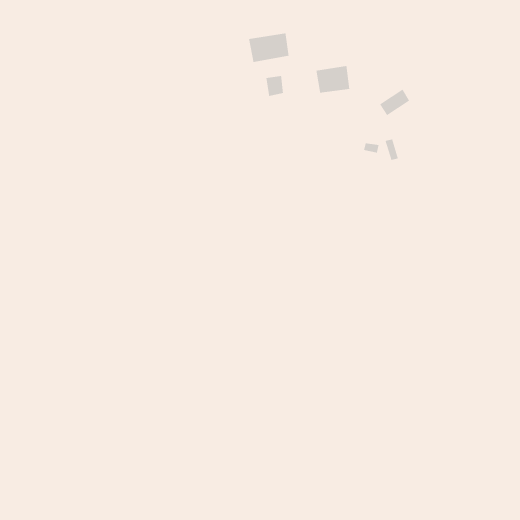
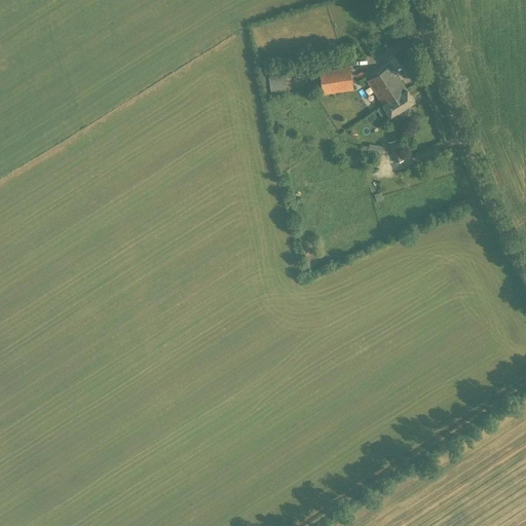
building: [248,32,289,63] -> none
building: none -> [368,66,407,105]

